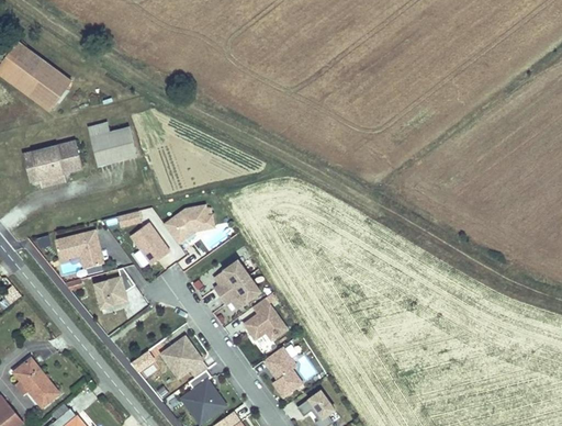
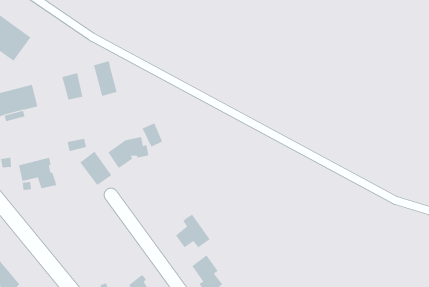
building: [86,122,115,166] -> [93,61,118,97]
building: none -> [142,123,163,147]
building: [216,260,261,306] -> none
building: [93,268,133,309] -> none
building: [168,338,209,381] -> none

